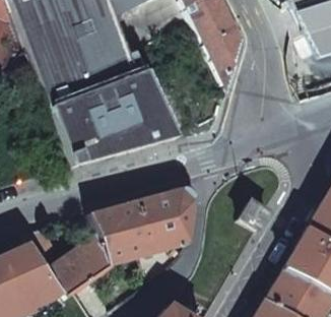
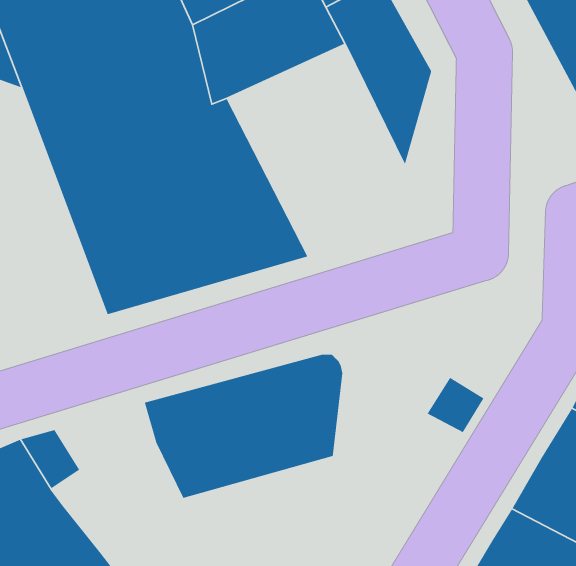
building: [49,233,112,291] -> none

